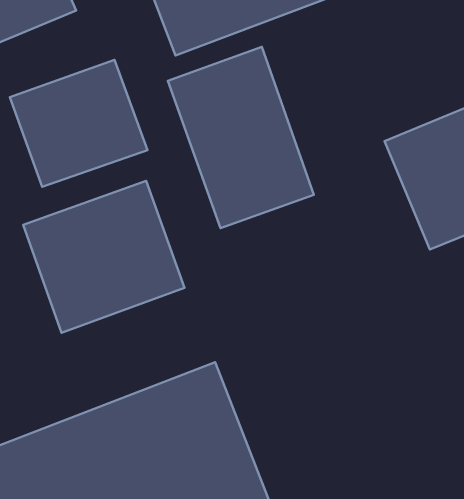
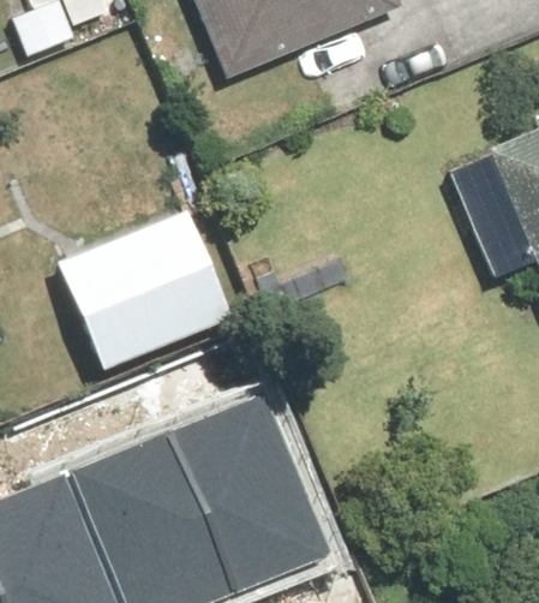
building: [168,47,314,228] -> none
building: [10,60,147,187] -> none

